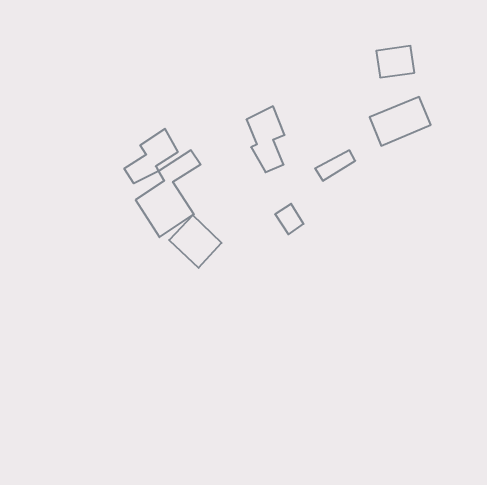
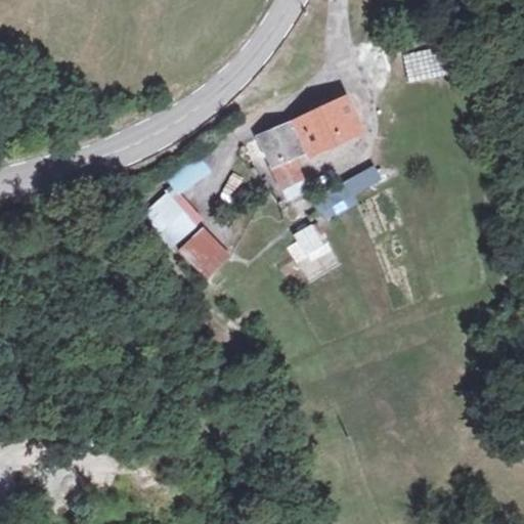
building: [370,97,431,146] -> [294,96,359,148]
building: [124,129,178,183] -> none

